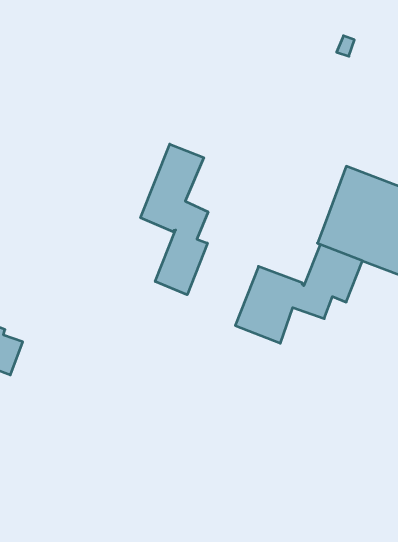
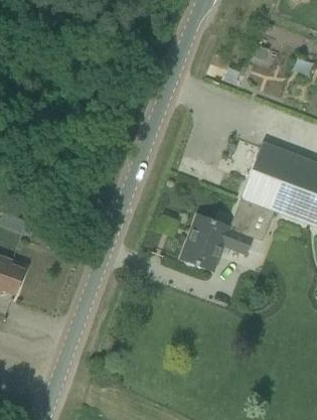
building: [141,144,208,295] -> none

